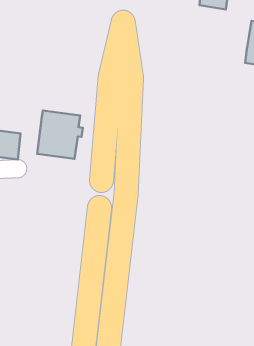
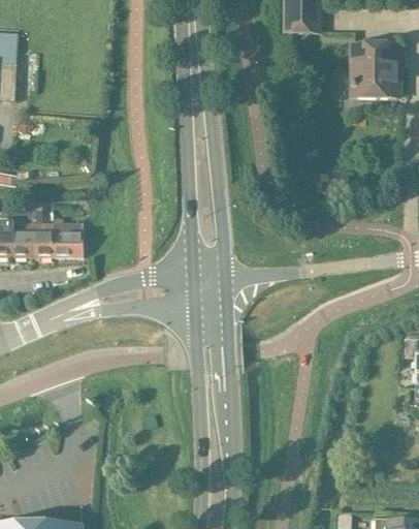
building: [37,111,83,159] -> none

